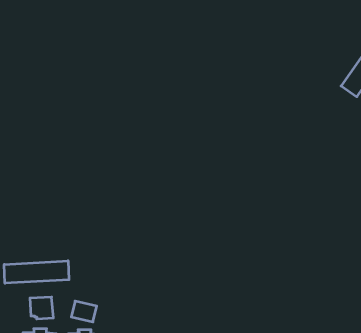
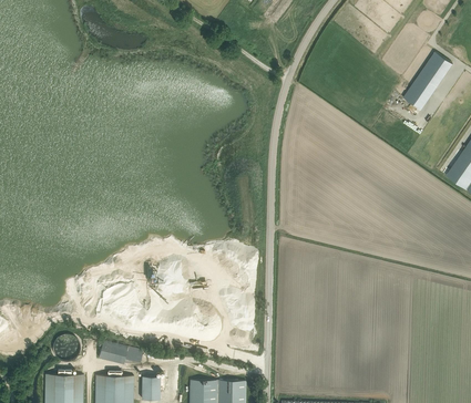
building: [4,261,69,283] -> none

